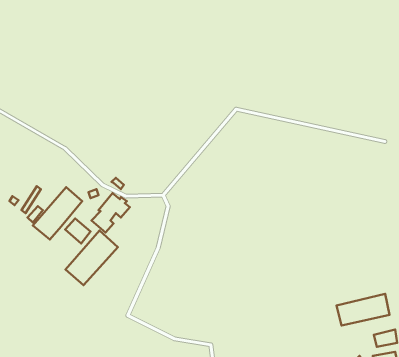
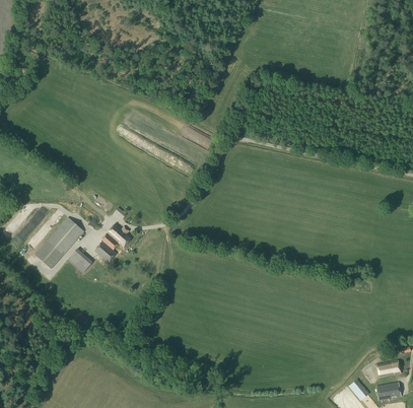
building: [65,230,118,285] -> none
building: [337,294,390,325] -> none

